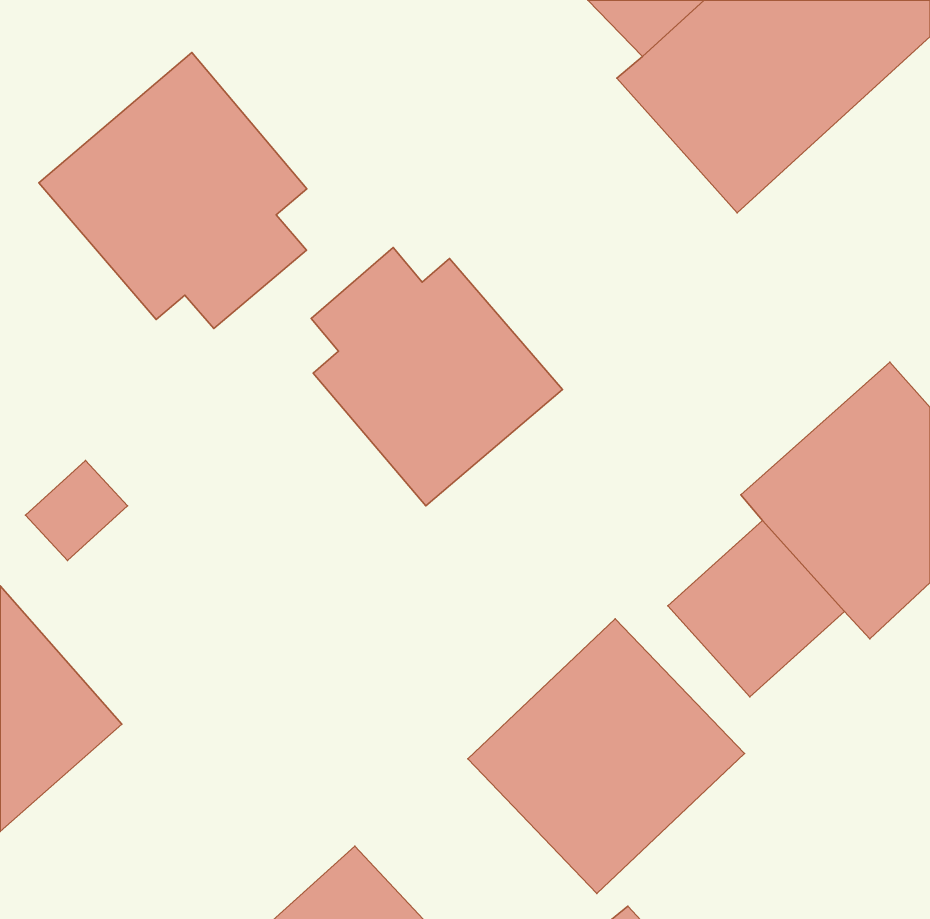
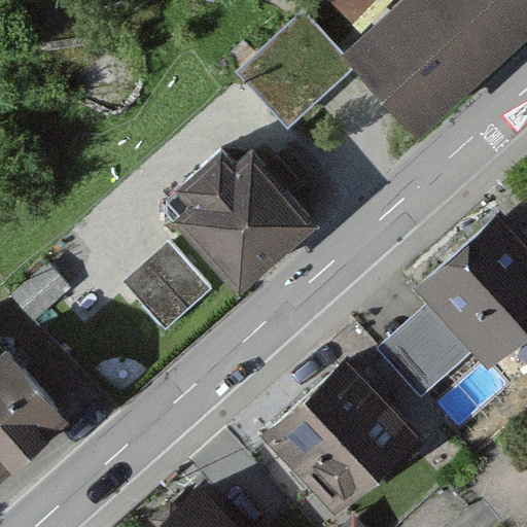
building: none -> [239,13,355,129]
building: [39,52,307,328] -> none
building: none -> [125,245,214,333]

